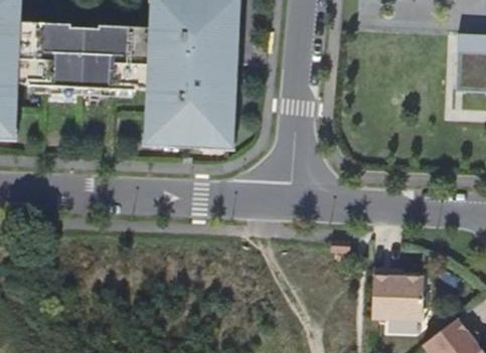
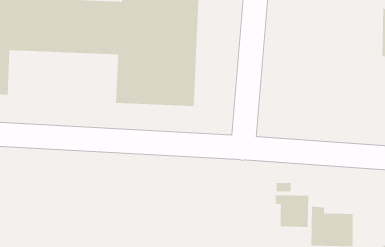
building: none -> [275,194,309,228]

